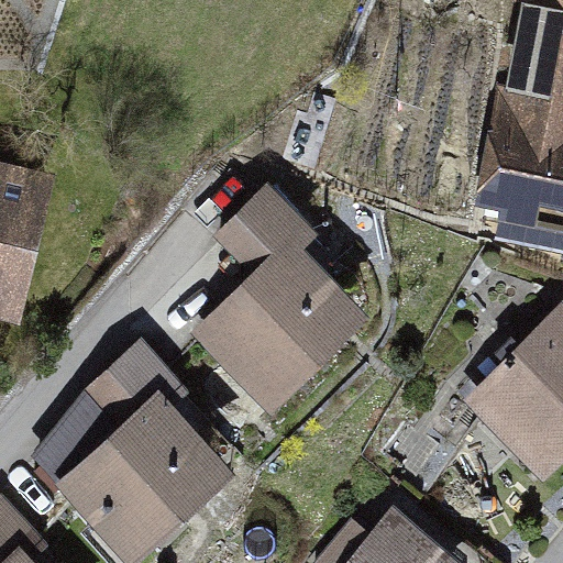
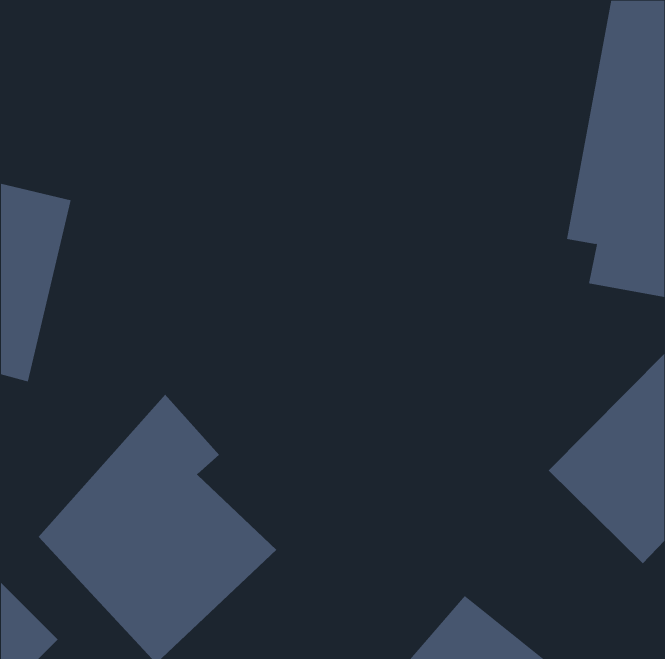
building: [198,185,383,427] -> none

